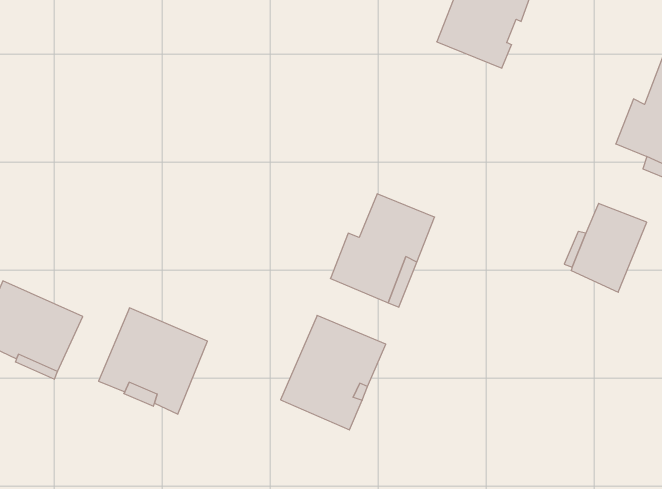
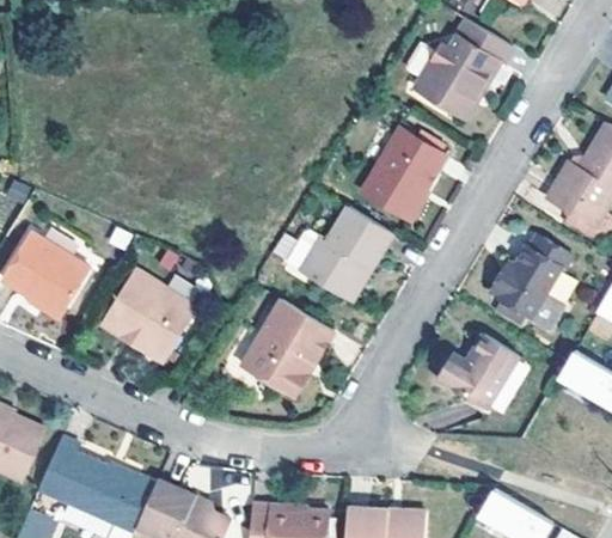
building: none -> [361,129,443,220]
building: none -> [443,336,520,410]

